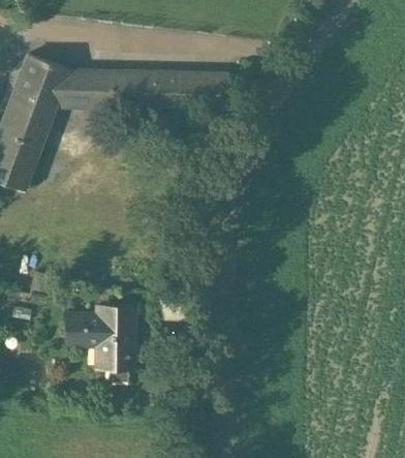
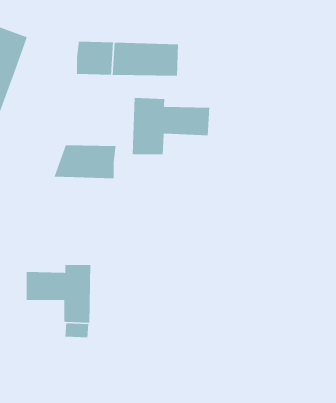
building: [55,69,121,105] -> [53,144,117,179]
building: none -> [132,97,210,155]

